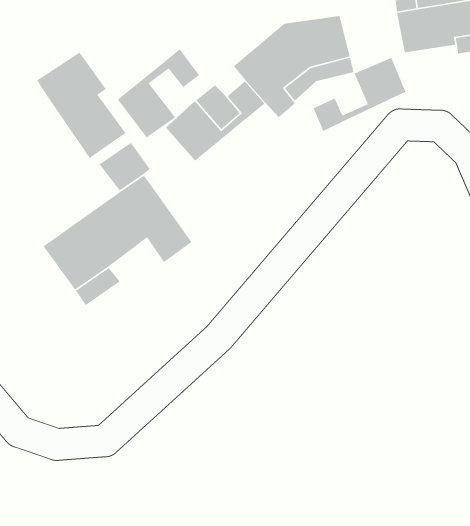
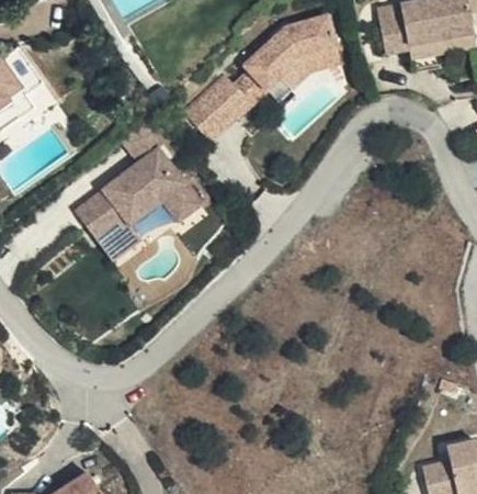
building: [117,48,200,138] -> none
building: [36,51,126,159] -> none
building: [313,57,407,132] -> none

